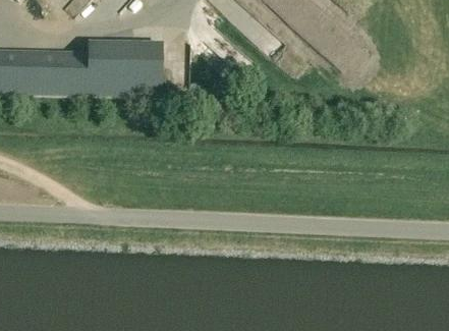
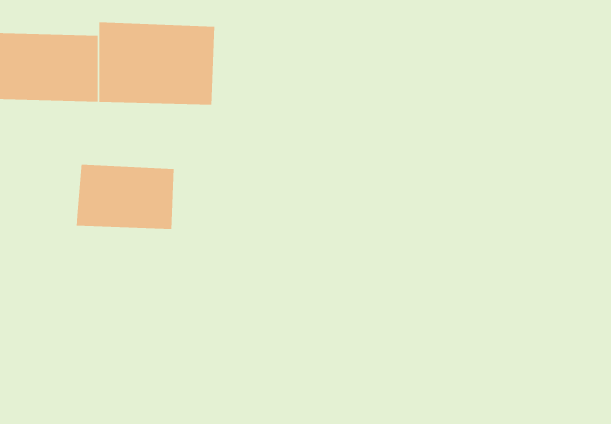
building: none -> [76,164,174,230]

